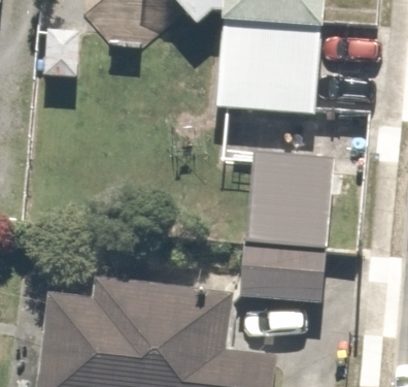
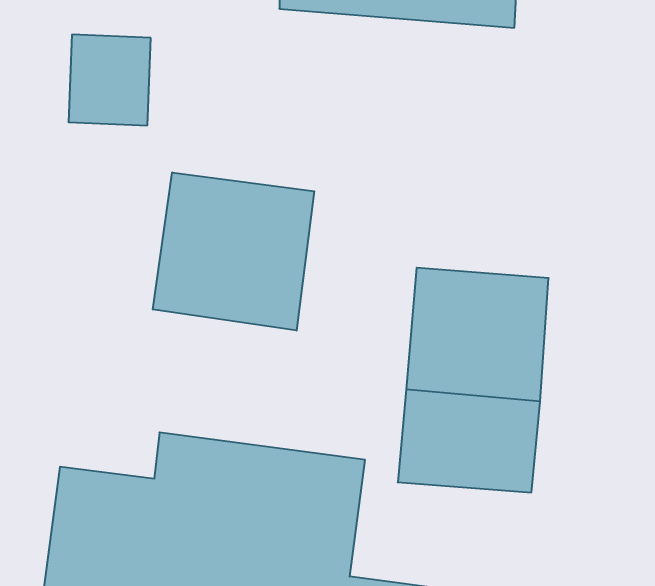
building: [214,23,317,116] -> none
building: none -> [153,172,314,331]

